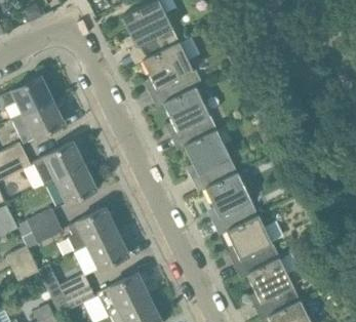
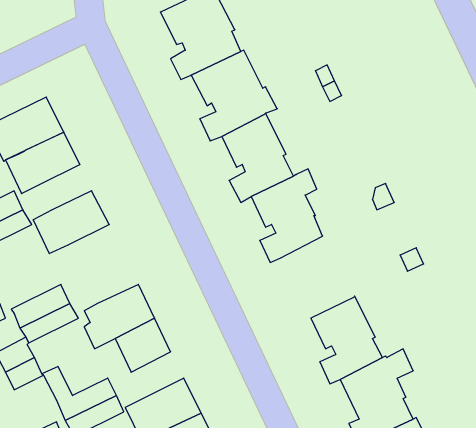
building: [56,166,96,204] -> none
building: [205,174,256,236] -> none

